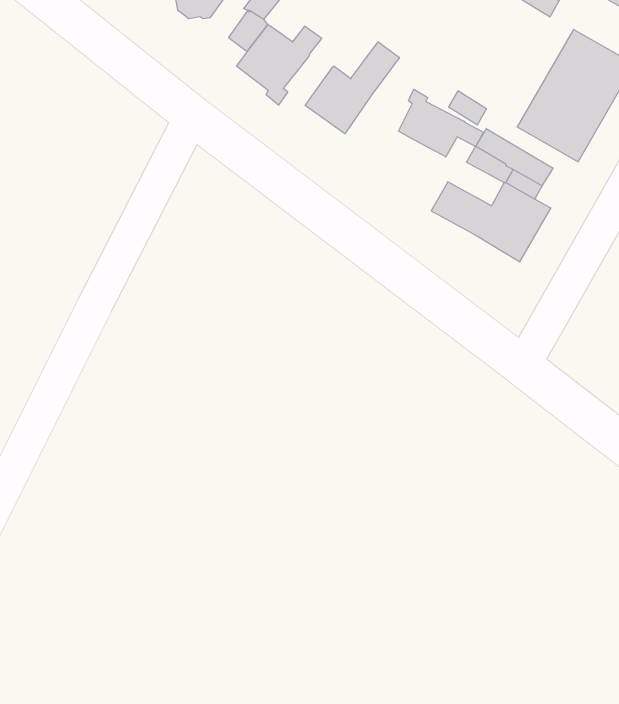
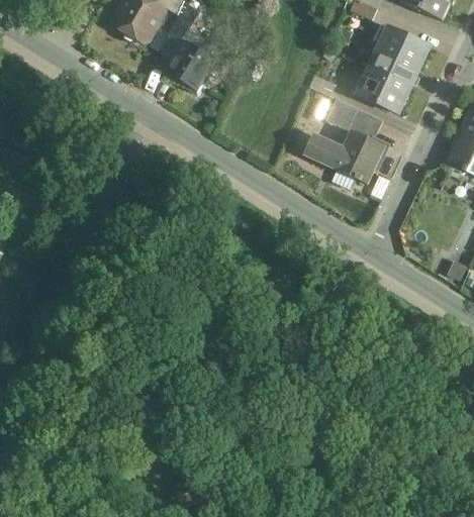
building: [305,42,399,134] -> none
building: [399,89,483,157] -> none

